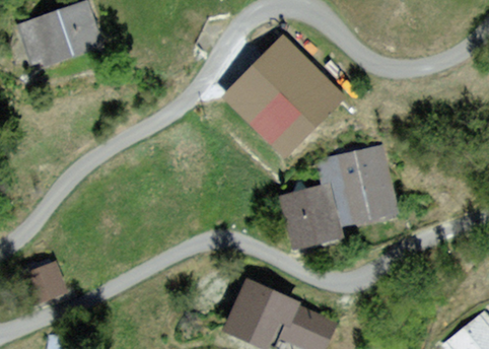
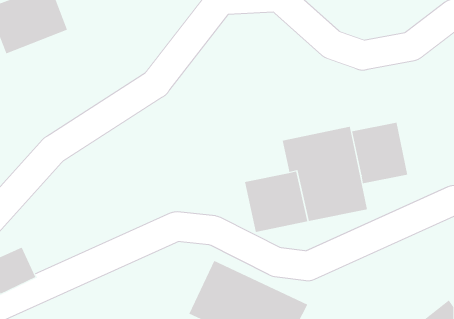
building: [222,34,350,161] -> none
building: none -> [352,122,408,184]

